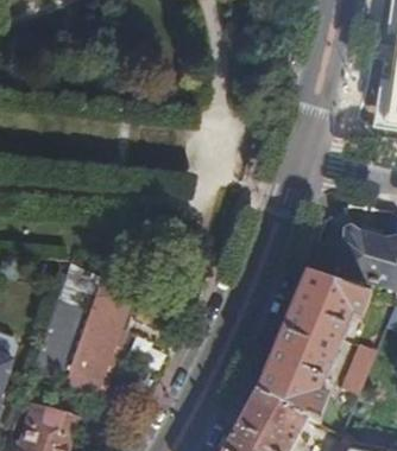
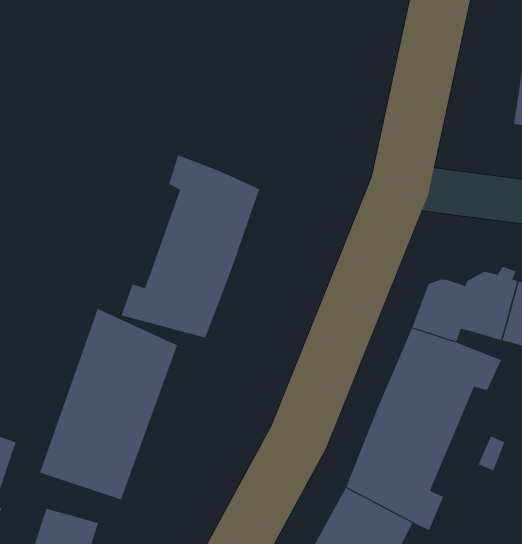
building: none -> [121,154,260,338]

